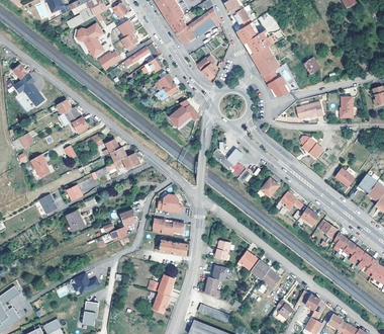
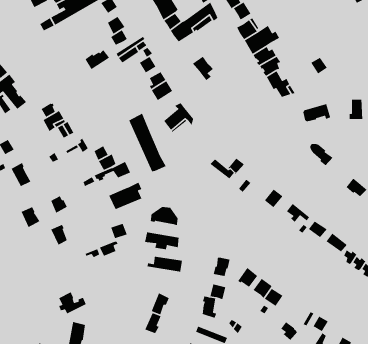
building: [76,23,103,57] -> none
building: none -> [128,113,167,172]
building: none -> [109,182,143,210]

